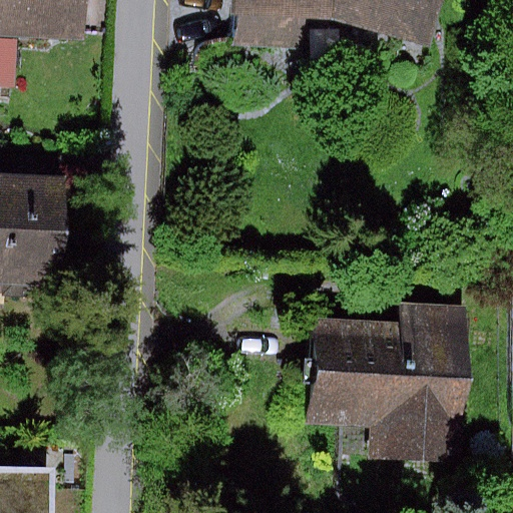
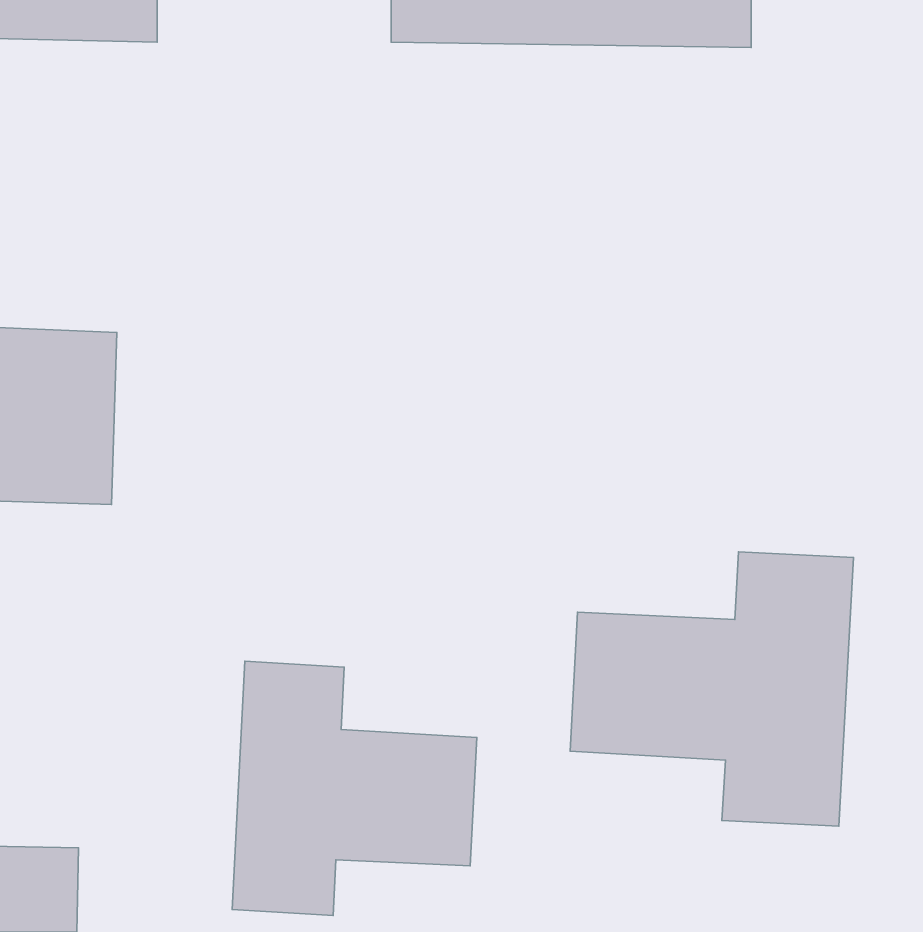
building: none -> [232,661,477,916]

